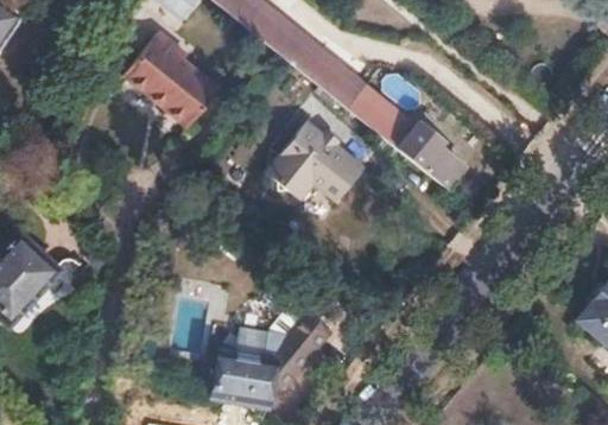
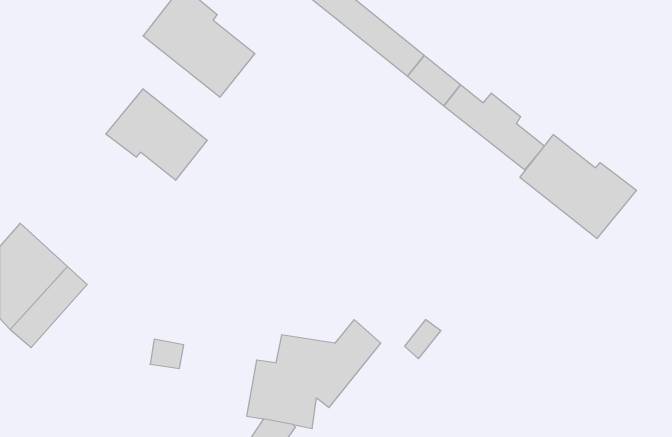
building: none -> [106,89,207,180]
building: [267,119,365,198] -> none
building: none -> [520,135,636,239]

